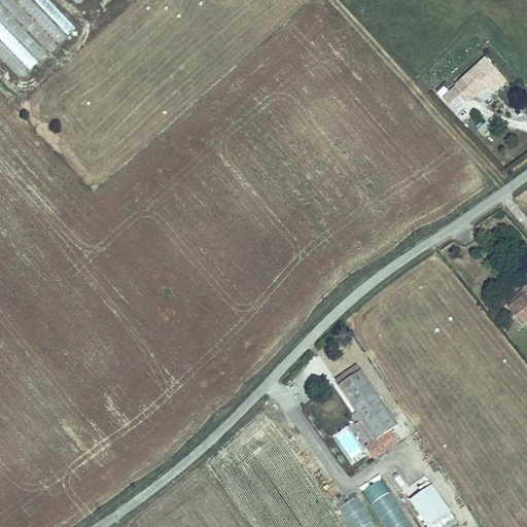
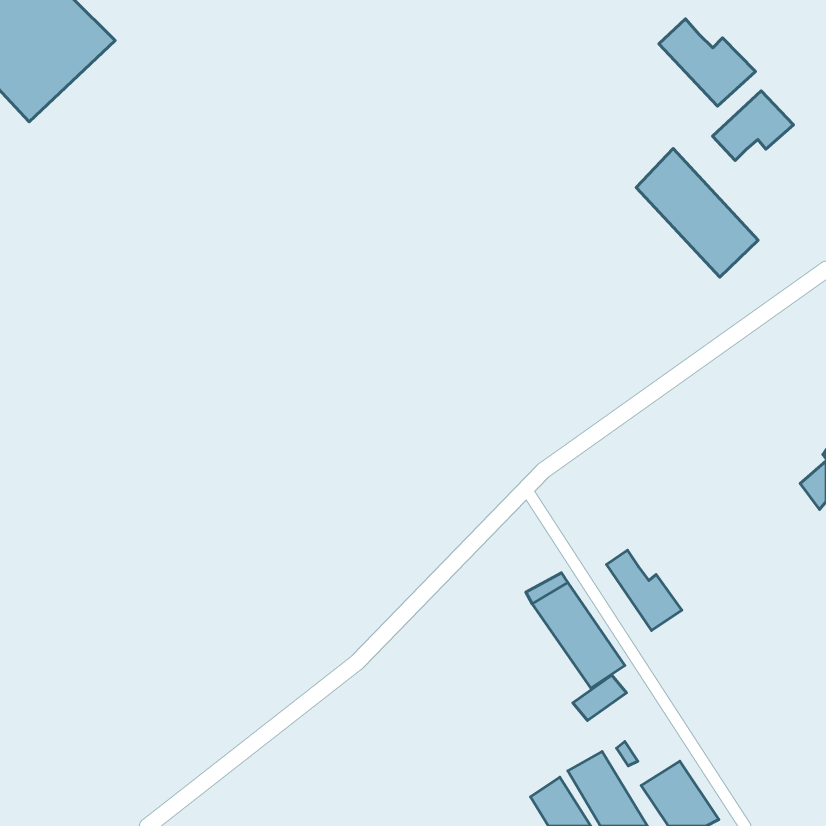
building: none -> [659,19,755,106]
building: none -> [636,148,758,277]
building: none -> [606,550,682,630]

